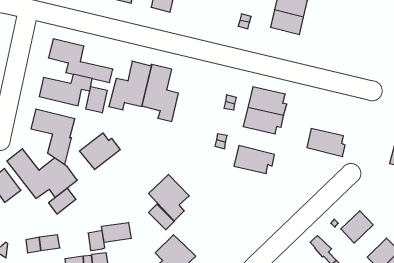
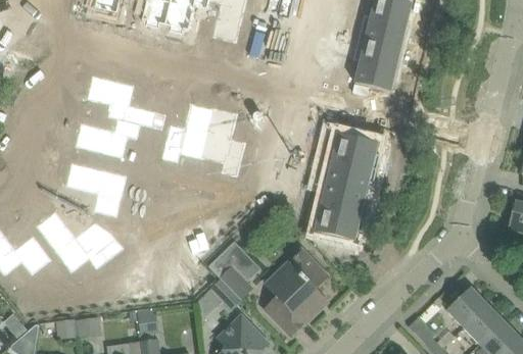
building: none -> [354,60,395,92]
building: [86,86,107,113] -> none
building: [307,129,345,157] -> [321,183,368,217]
building: [80,133,120,170] -> none
building: none -> [266,251,326,335]
building: [49,188,76,214] -> none
building: [102,222,131,243] -> none
building: none -> [463,304,503,344]

